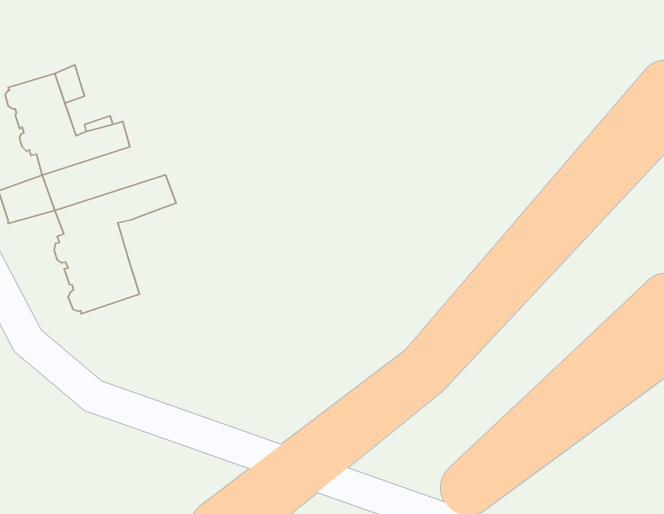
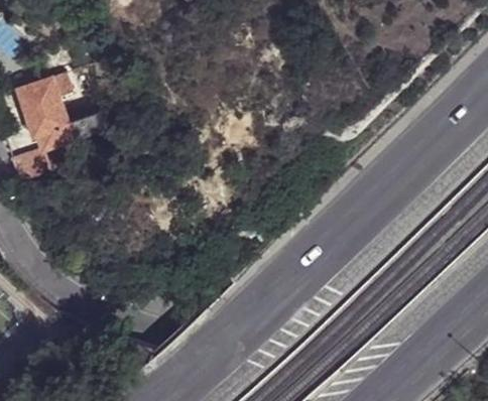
building: [54,175,176,314] -> none

